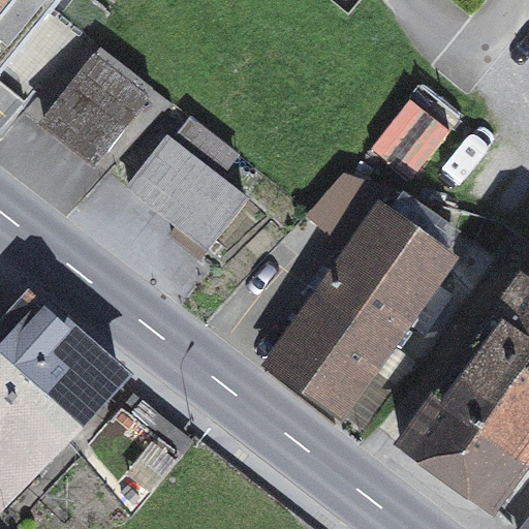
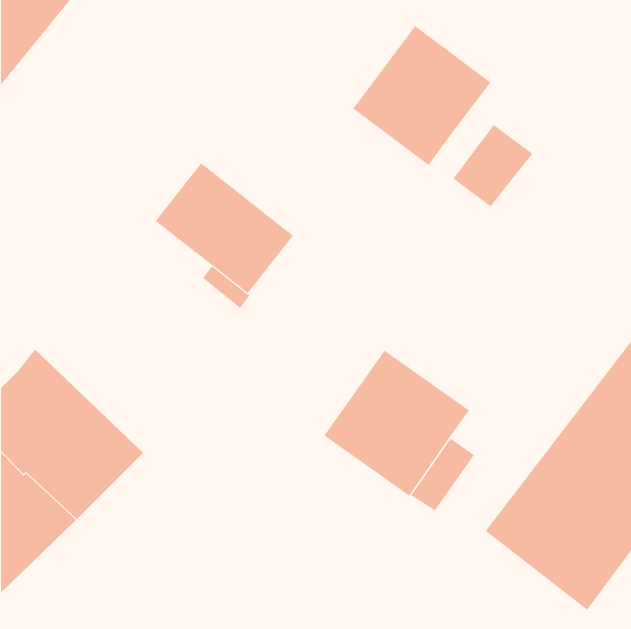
building: none -> [353,25,491,166]
building: [48,58,146,159] -> none
building: [310,172,453,346] -> none

